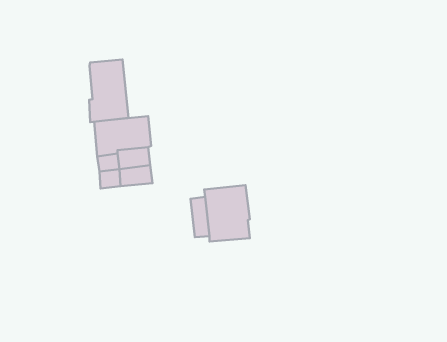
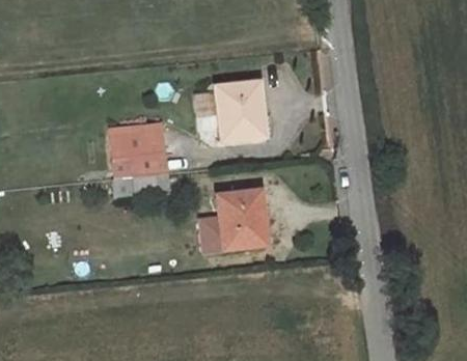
building: [89,59,128,122] -> none
building: none -> [218,82,263,138]

